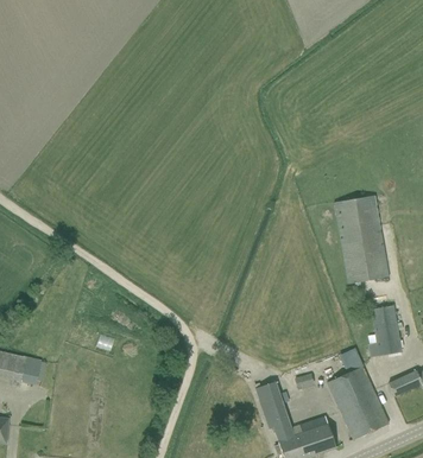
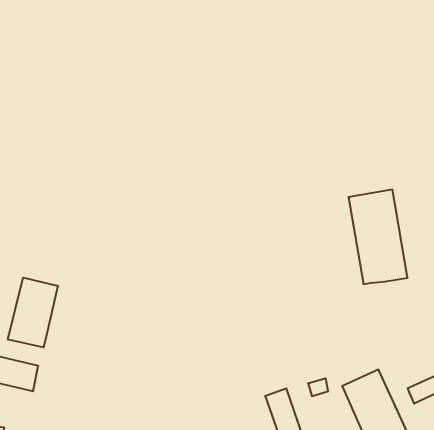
building: none -> [8,278,58,347]
building: [367,304,402,355] -> none

